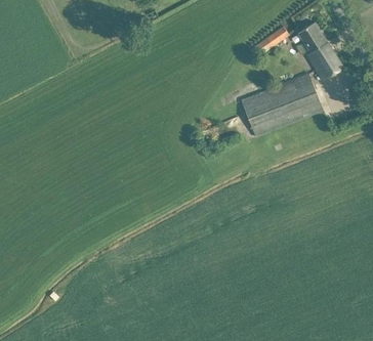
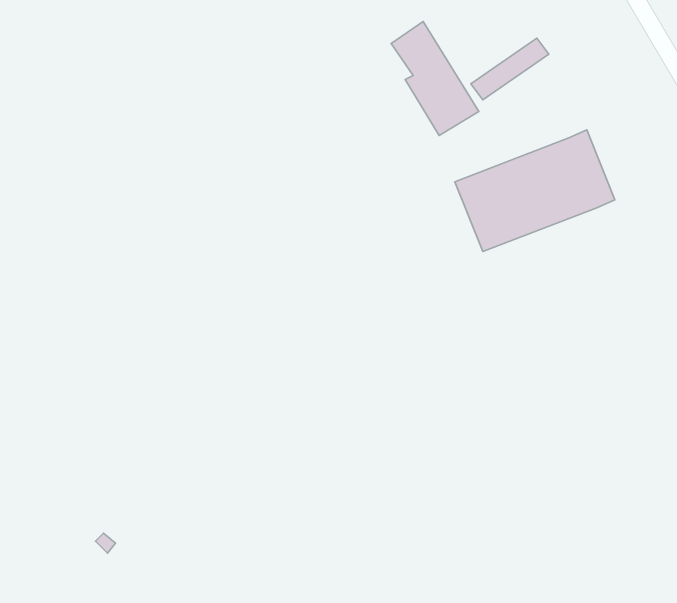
building: [297,22,342,80] -> [391,22,479,135]

